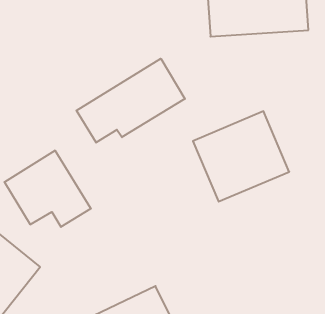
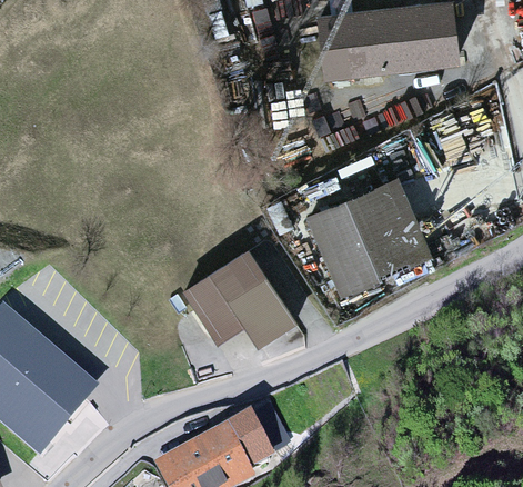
building: [76,59,185,143] -> none
building: [4,151,91,227] -> [181,246,296,348]

